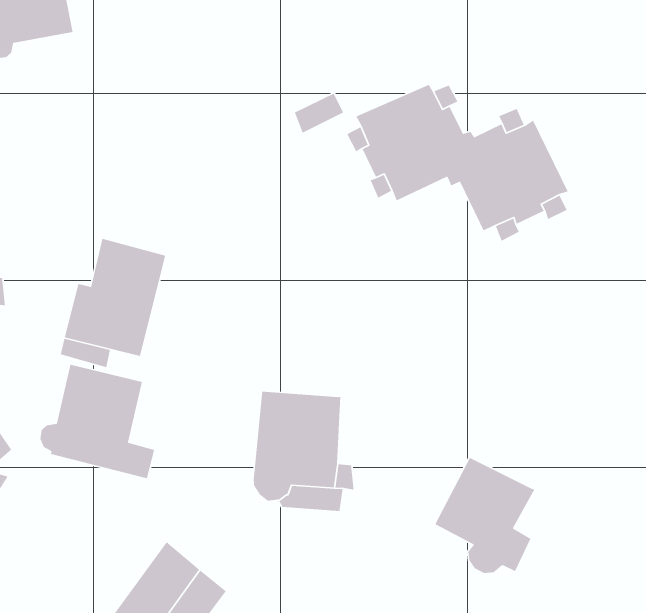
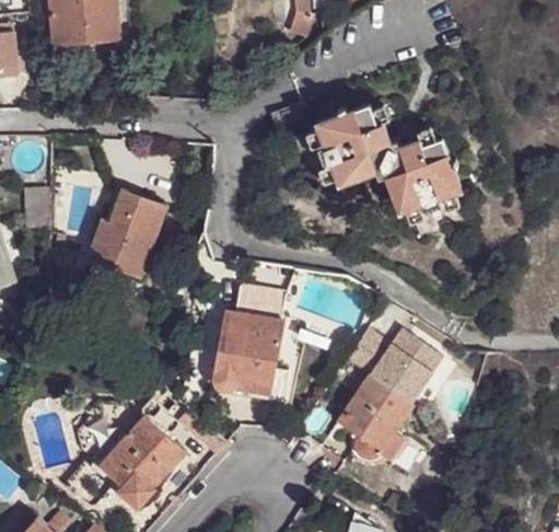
building: none -> [224,285,283,322]
building: [40,364,155,479] -> none
building: none -> [347,327,444,403]

